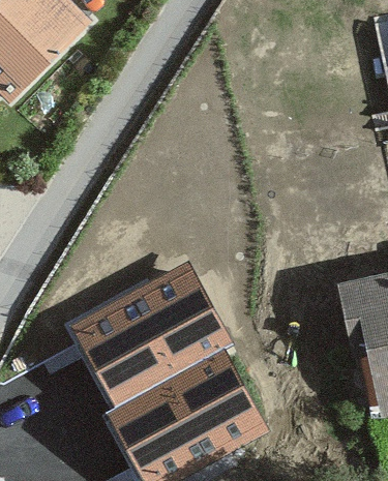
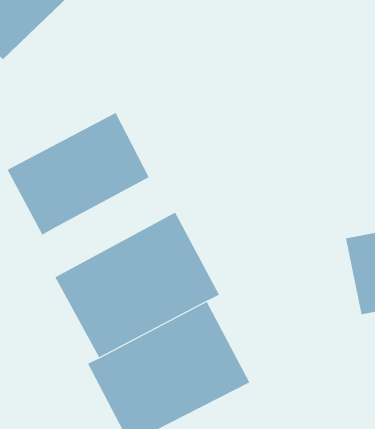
building: none -> [7,112,150,235]

